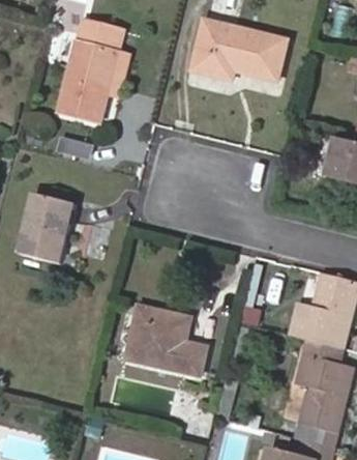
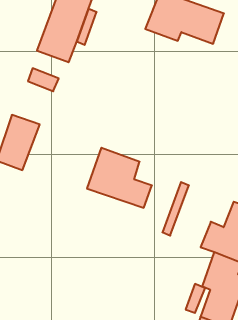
building: [127,306,208,375] -> [87,148,152,208]

